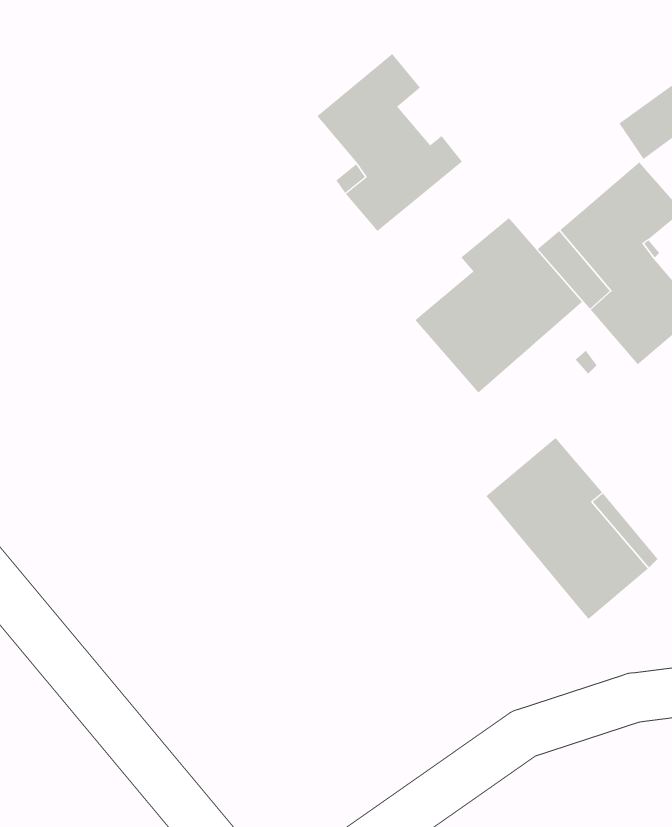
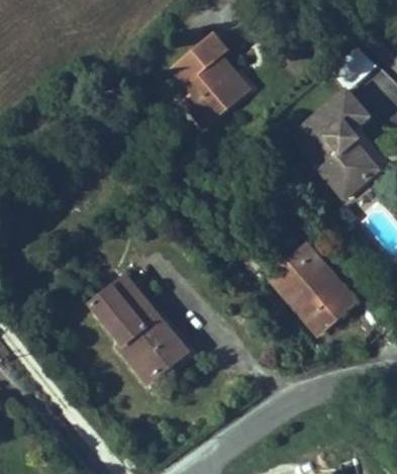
building: [414,217,583,394] -> none
building: none -> [93,276,198,382]

